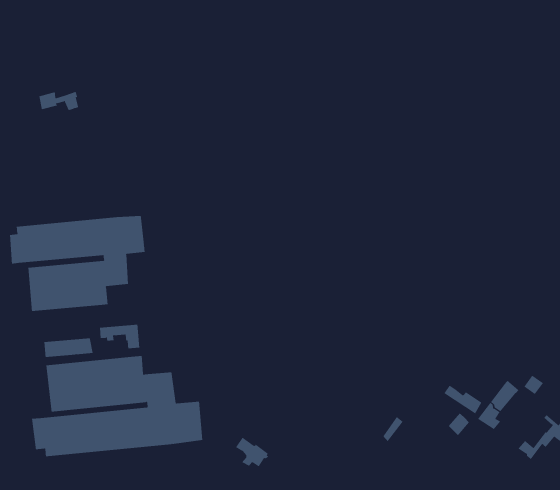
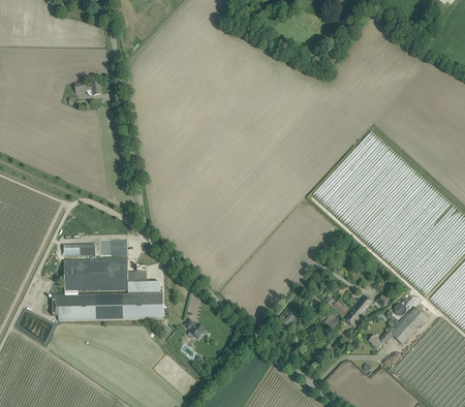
building: [9,215,145,312] -> none

